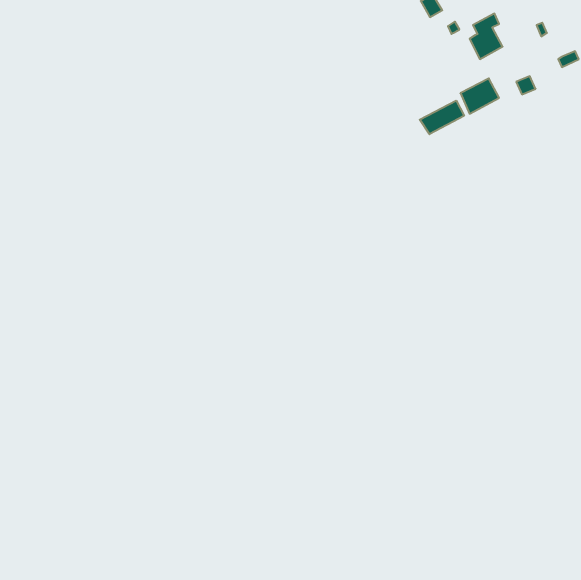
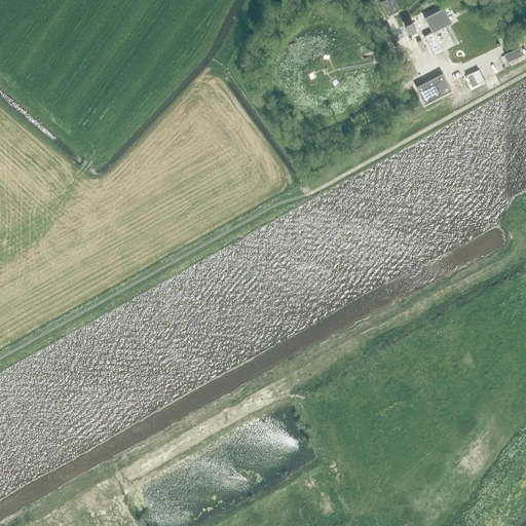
building: [420,101,464,134] -> none

